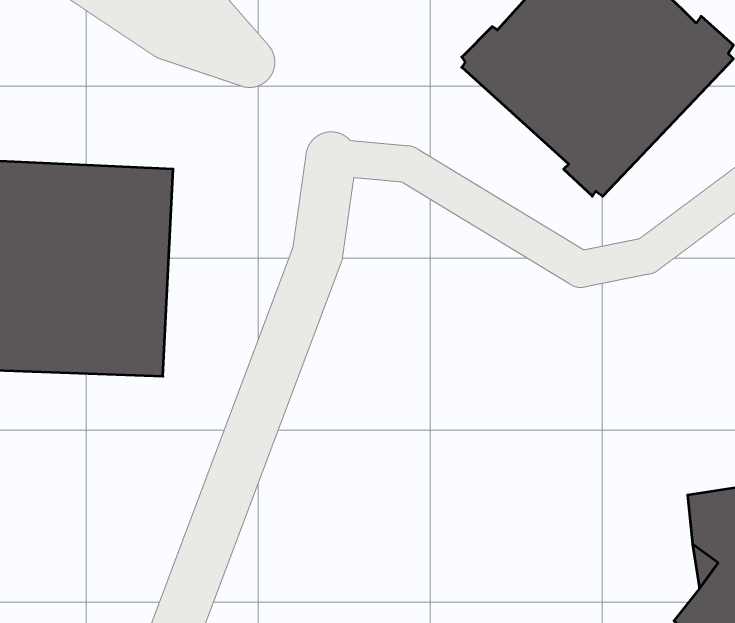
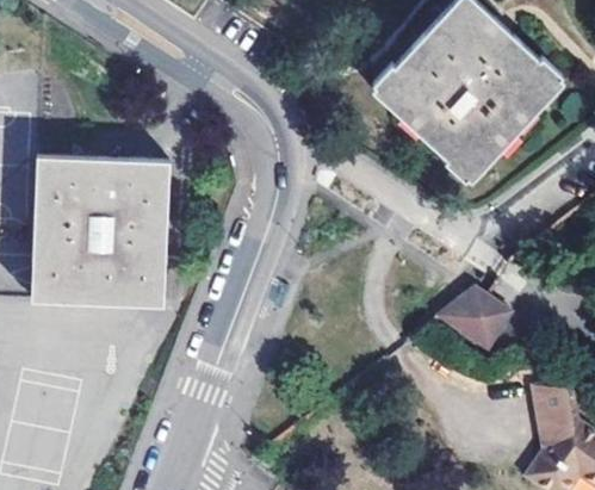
building: none -> [440,290,510,351]

